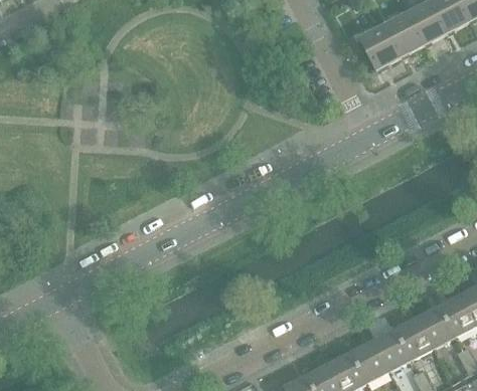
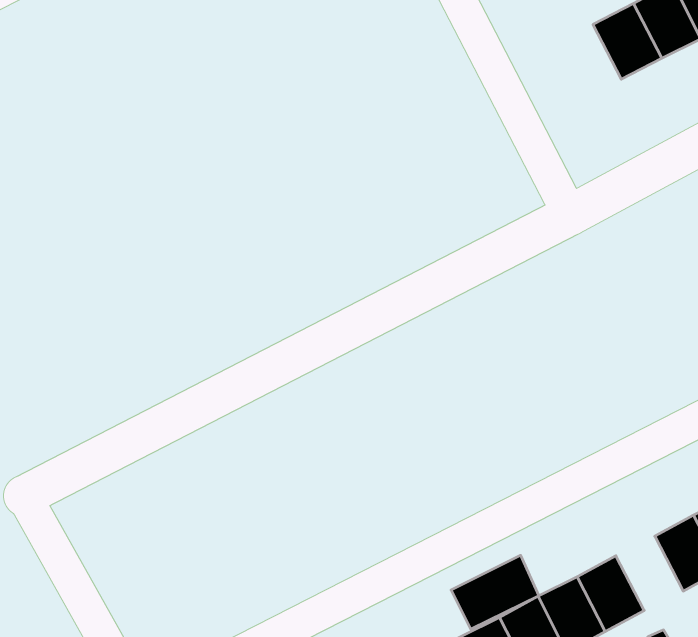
building: [358,26,396,69] -> none
building: [393,318,432,360] -> none
building: none -> [451,555,539,629]

